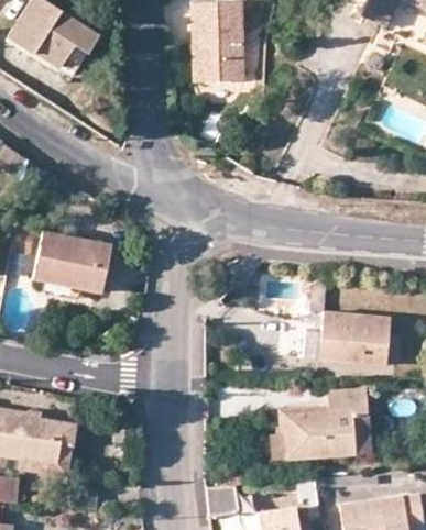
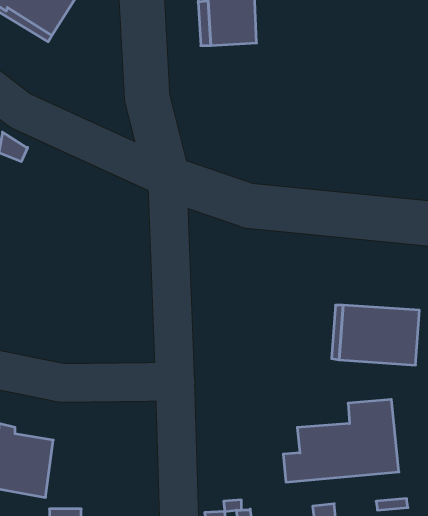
building: [33,227,108,289] -> none

